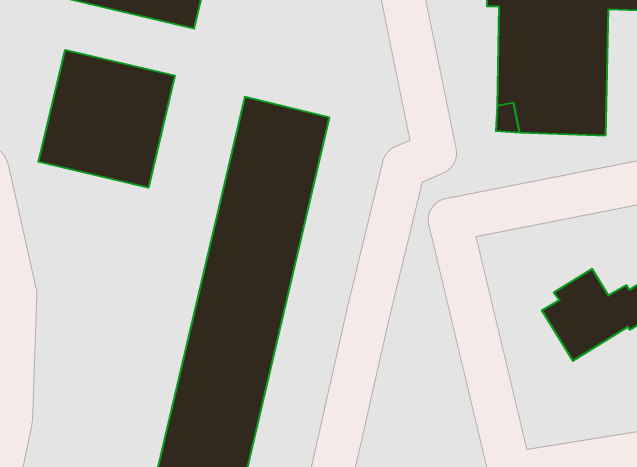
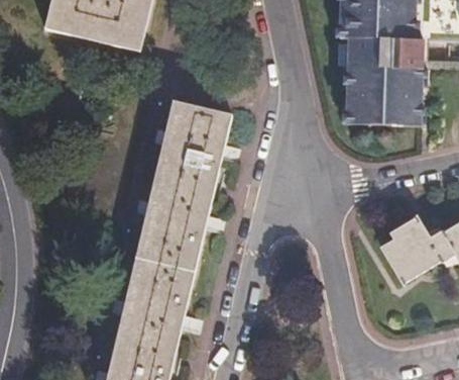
building: [39,50,175,188] -> none

